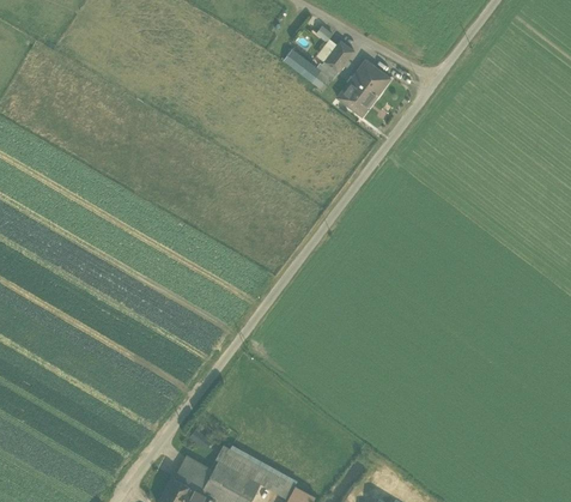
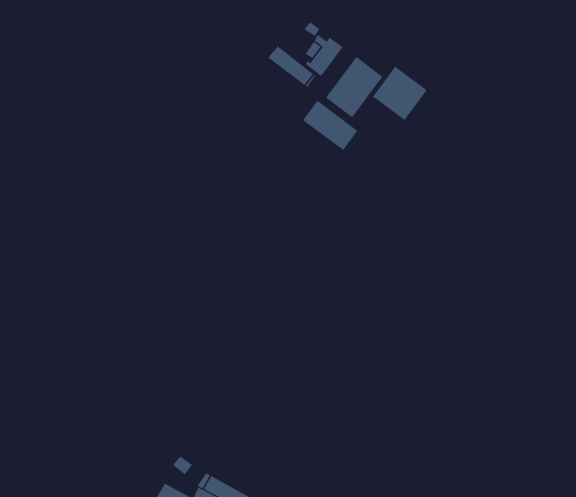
building: none -> [372,66,427,121]
building: none -> [302,100,358,151]

